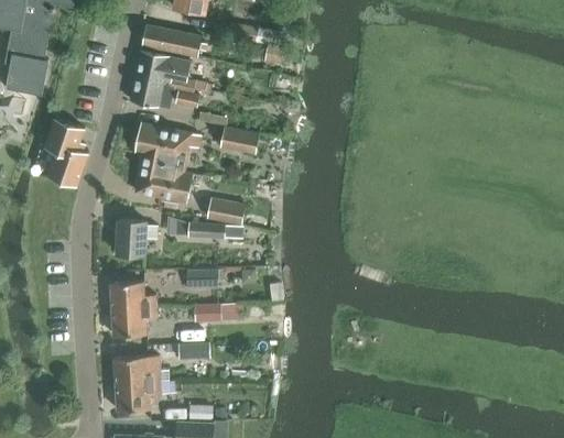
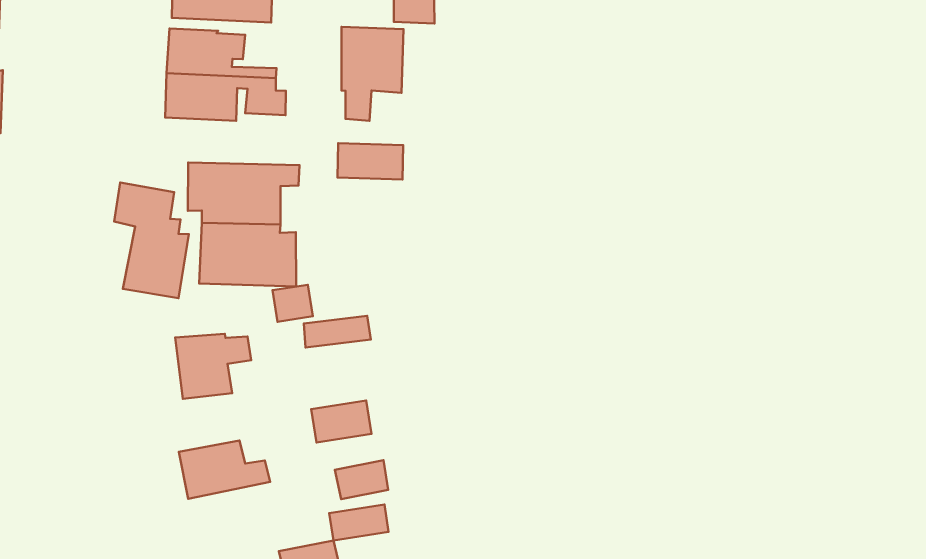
building: none -> [341,27,403,121]
building: [46,118,87,186] -> [114,182,189,298]
building: [207,195,246,223] -> none
building: [111,307,158,336] -> none

